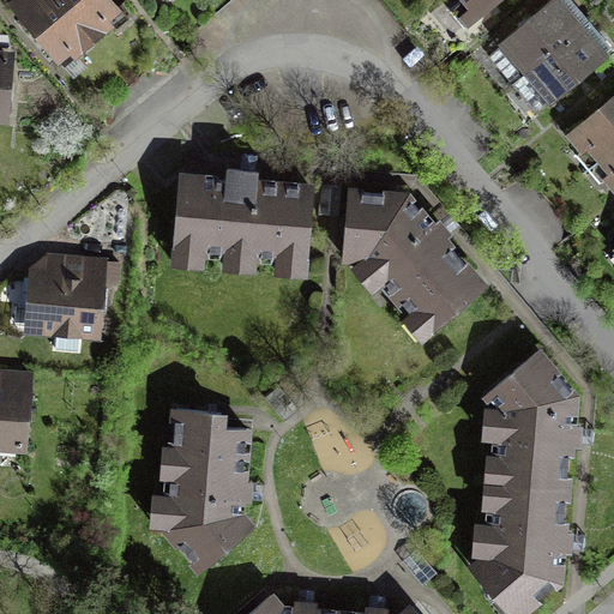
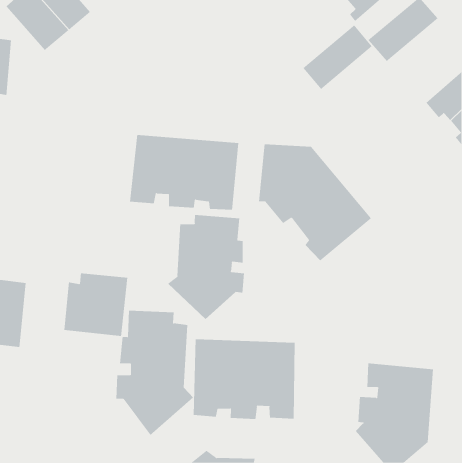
building: [510,24,602,110] -> [303,24,373,90]
building: [22,255,107,339] -> [64,273,128,337]
building: none -> [167,214,245,320]
building: [482,348,582,487] -> none
building: none -> [193,339,295,420]

